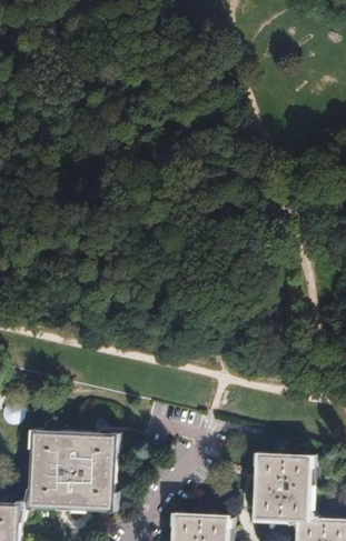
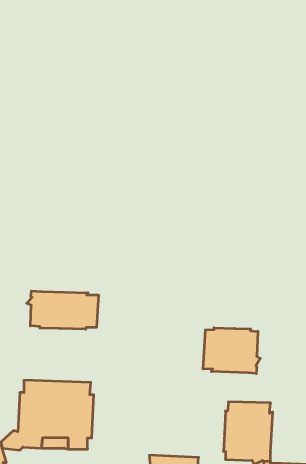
building: none -> [27,291,98,329]
building: none -> [203,328,260,374]

